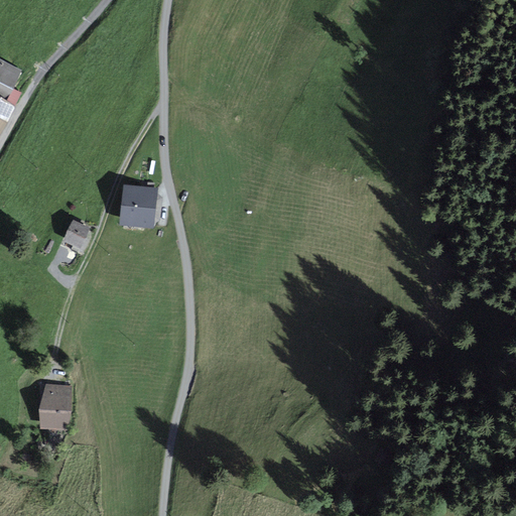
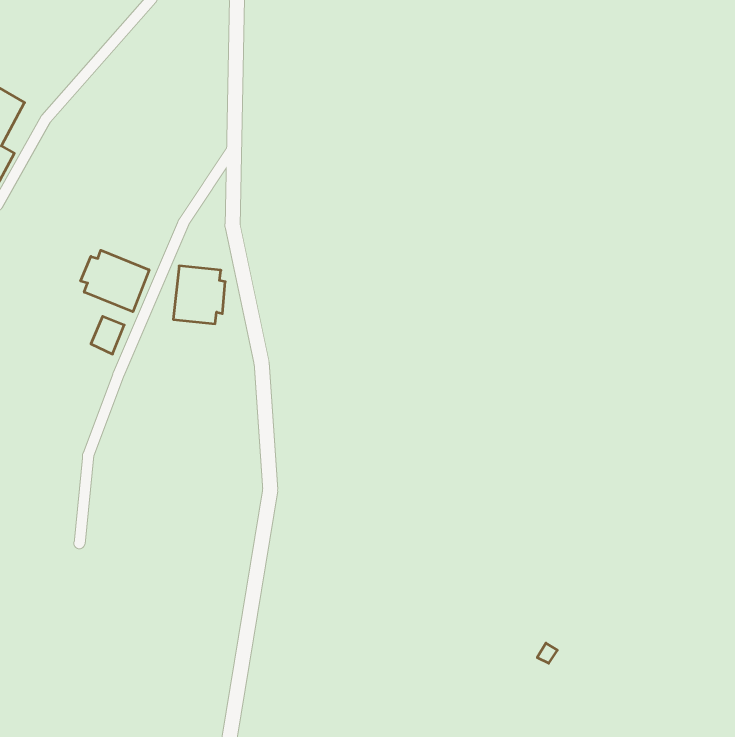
building: none -> [81,250,149,312]
building: [41,384,69,426] -> none

